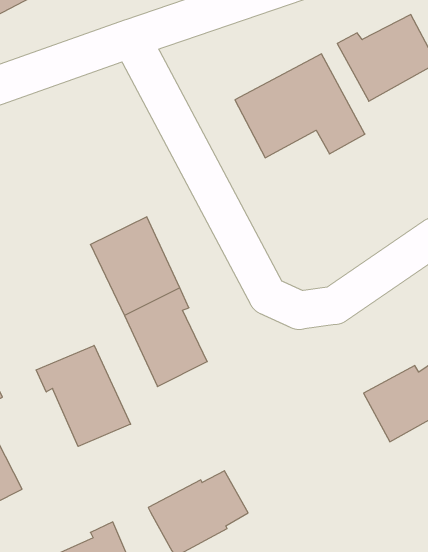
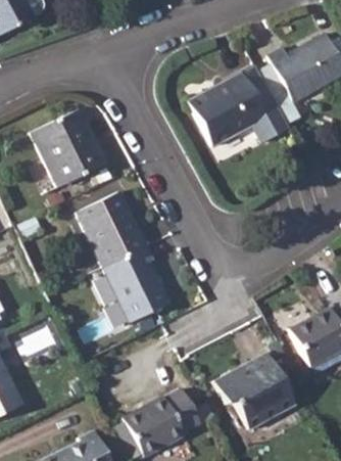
building: none -> [31,109,106,188]
building: [36,345,131,446] -> none
building: none -> [215,354,296,429]

